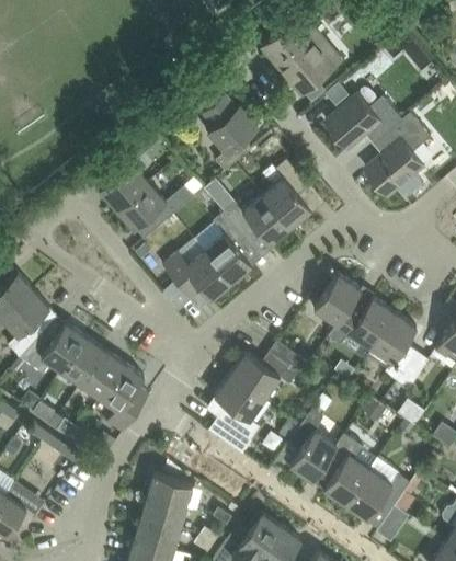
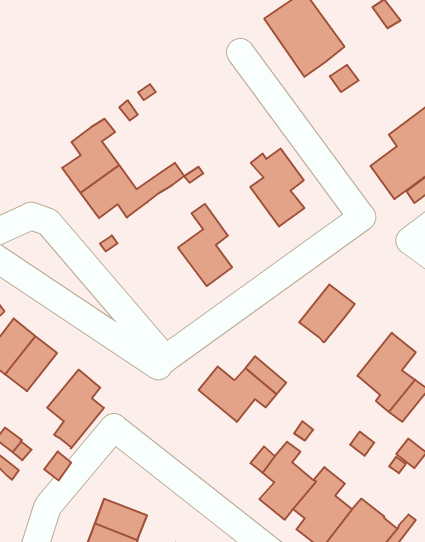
building: [201,93,258,170] -> none
building: [326,93,403,149] -> none
building: [224,194,289,244] -> none
building: [161,239,230,300] -> none
building: [327,297,394,352] -> none
building: [80,350,124,398] -> none
building: [208,374,264,453] -> none

